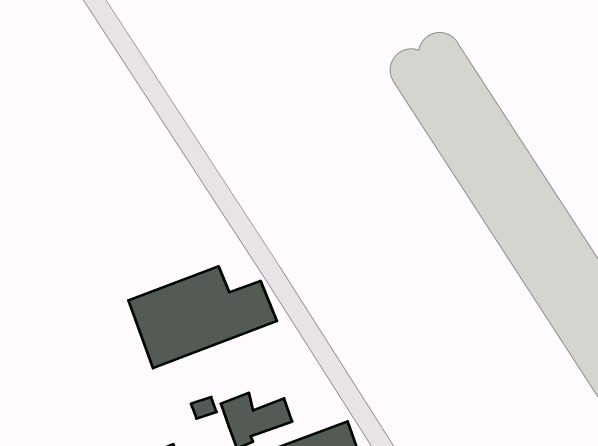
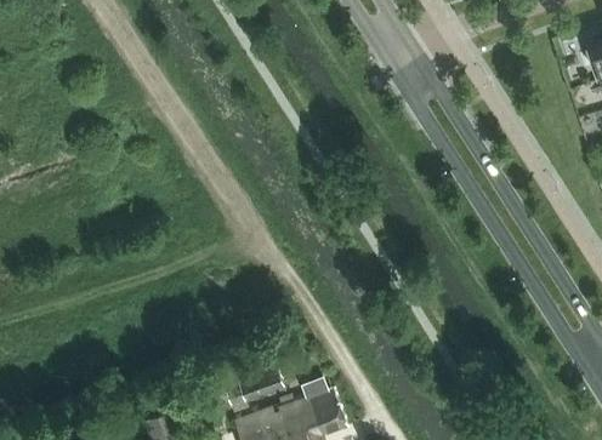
building: [128,266,277,368] -> none

